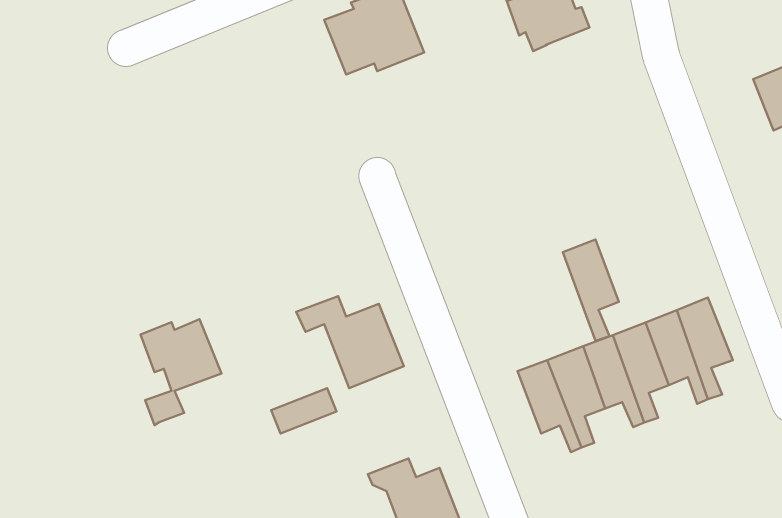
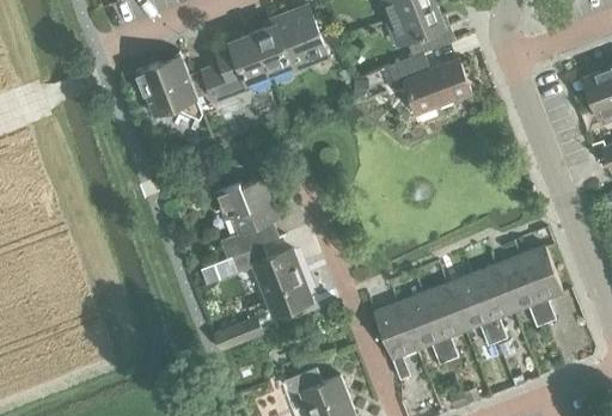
building: none -> [202,33,268,103]
building: none -> [388,53,470,114]
building: none -> [134,55,202,120]
building: [563,240,619,341] -> [374,302,417,380]
building: [140,319,221,425] -> [215,178,277,259]

